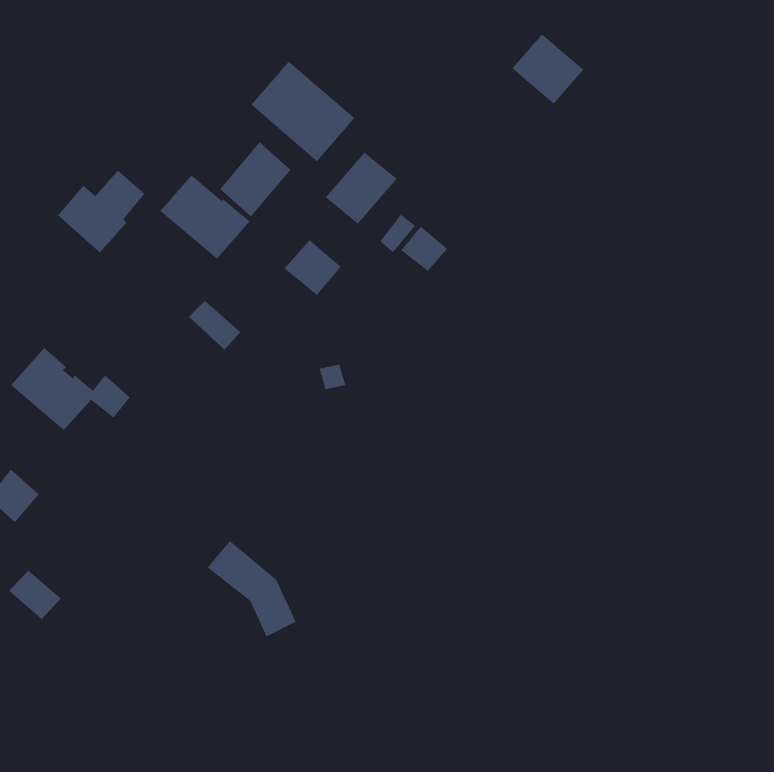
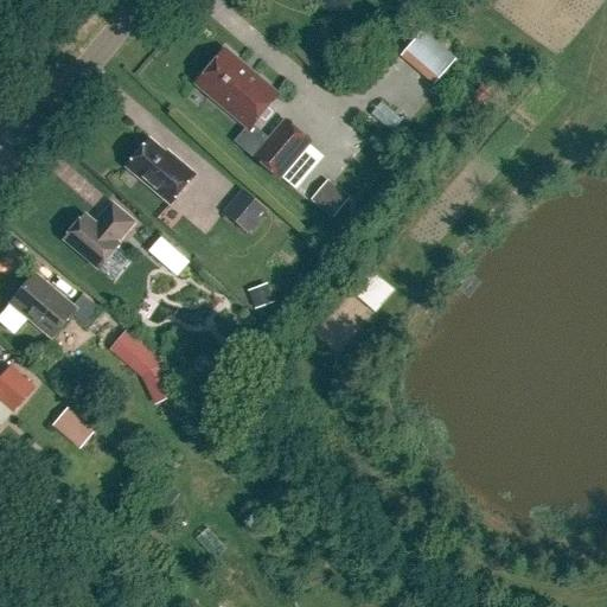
building: [219,141,291,217] -> none
building: [57,170,145,253] -> [64,202,133,267]
building: [207,540,296,637] -> [108,328,178,404]
building: [8,570,62,620] -> [55,407,96,446]

